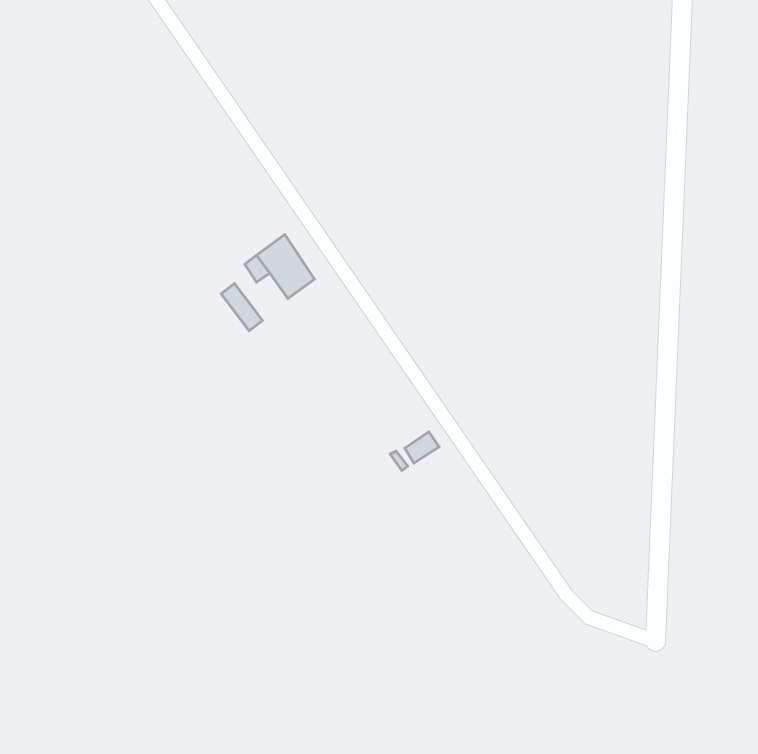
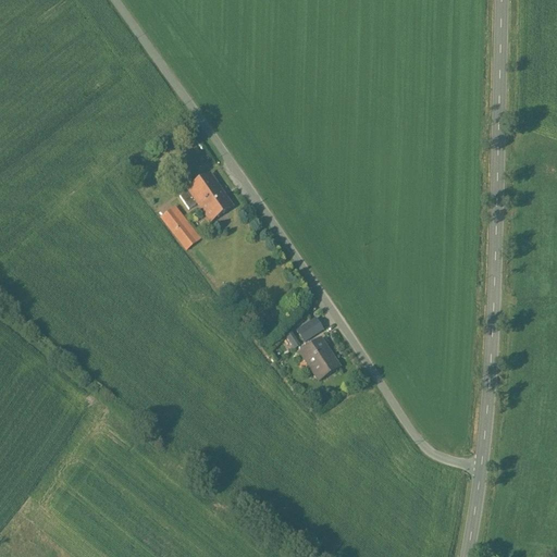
building: none -> [299,337,338,379]

